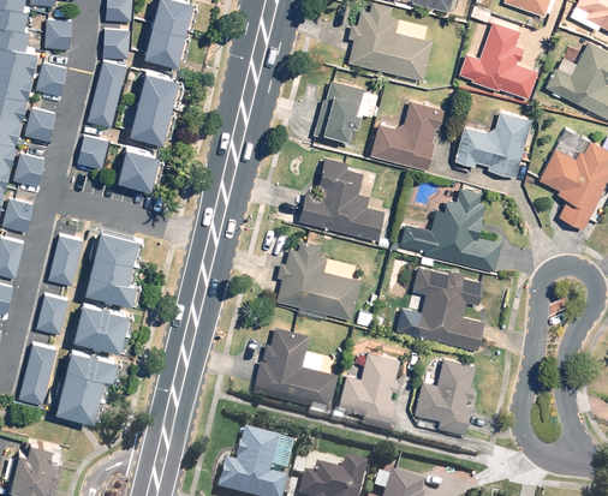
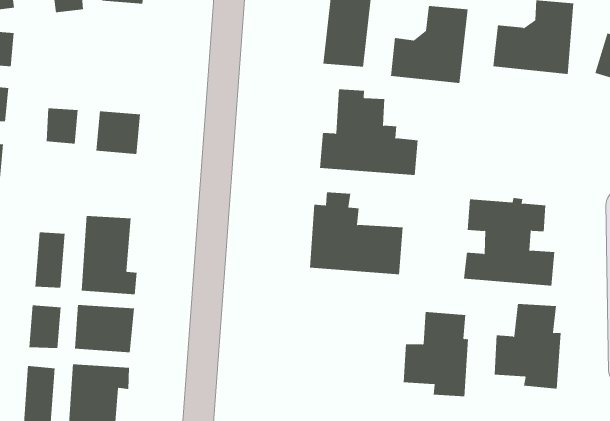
building: [88,61,126,129] -> none
building: [130,68,179,141] -> none
building: [401,190,501,273] -> none
building: [254,329,338,410] -> none

